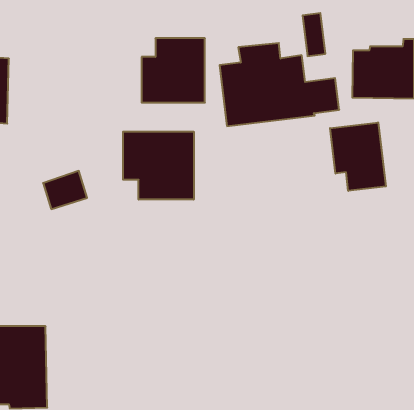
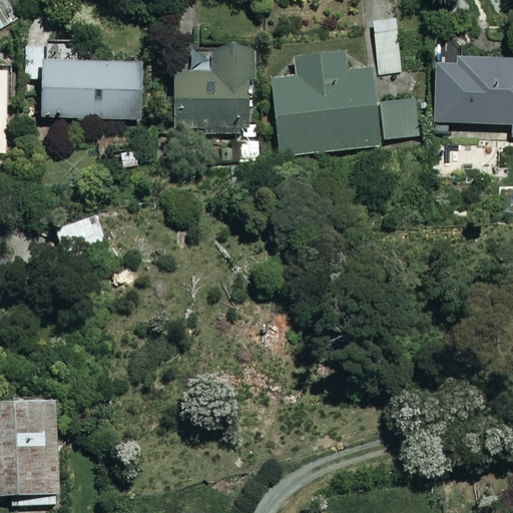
building: none -> [40,62,139,116]
building: [330,122,386,191] -> none
building: [123,132,194,200] -> none

